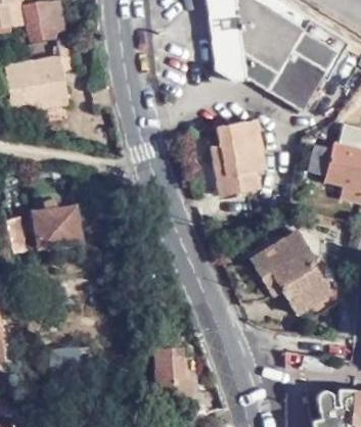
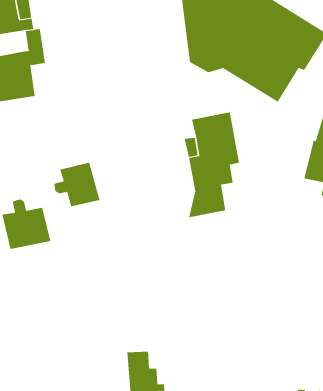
building: none -> [54,162,100,207]
building: [251,229,330,312] -> none

